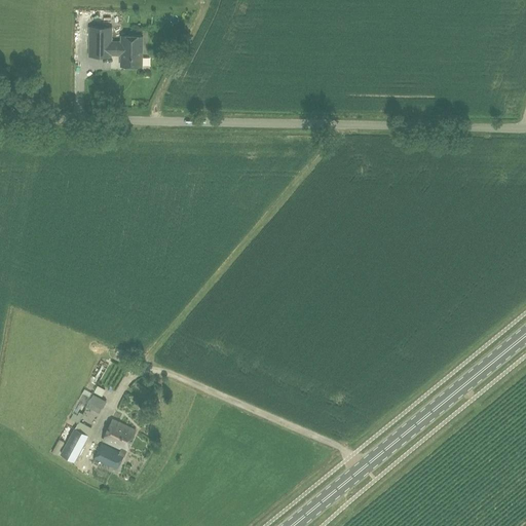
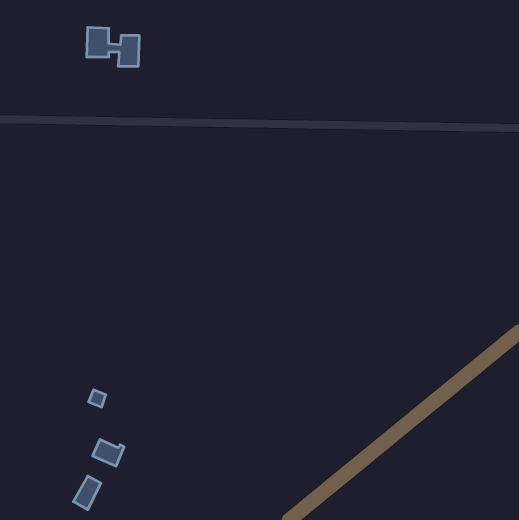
building: [102,420,135,451] -> none
building: [60,428,87,462] -> [73,476,101,510]

